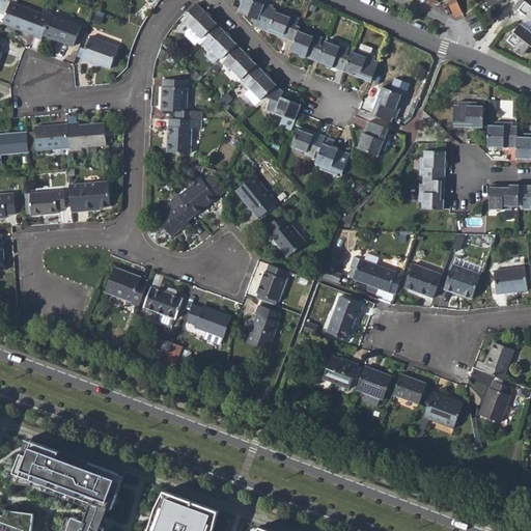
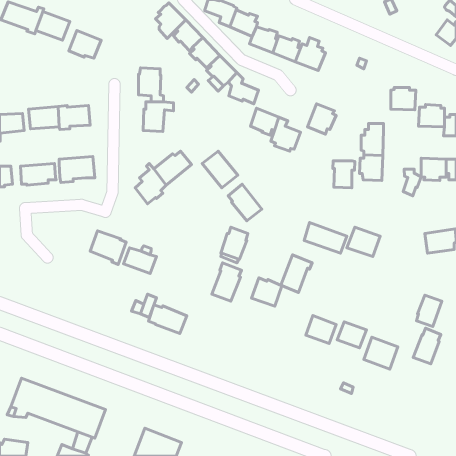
building: [370,86,401,121] -> none
building: none -> [333,161,355,188]
building: none -> [403,169,421,196]
building: [443,263,479,299] -> none
building: [186,304,230,337] -> [148,305,187,334]
building: [322,355,357,388] -> [252,278,282,306]

